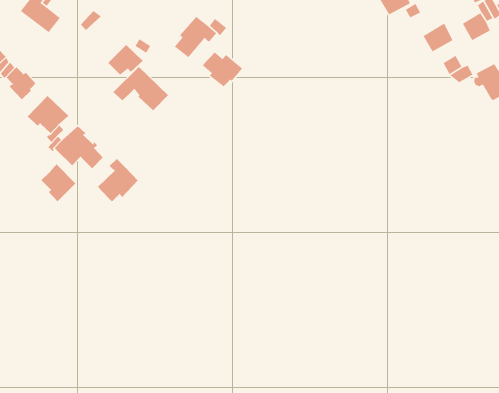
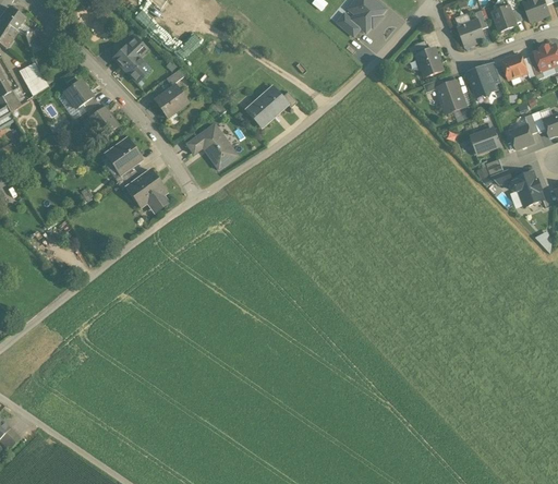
building: [107,44,143,75] -> [154,84,186,111]
building: [202,52,243,87] -> none
building: [97,158,139,205] -> none
building: [40,164,76,202] -> none

